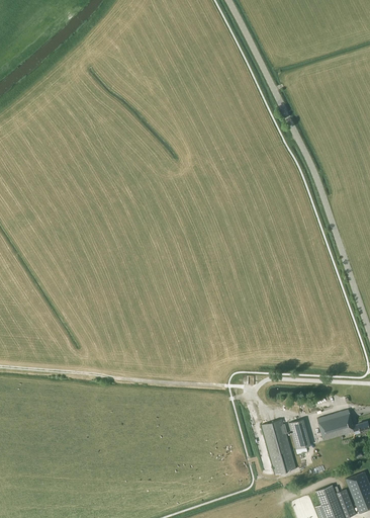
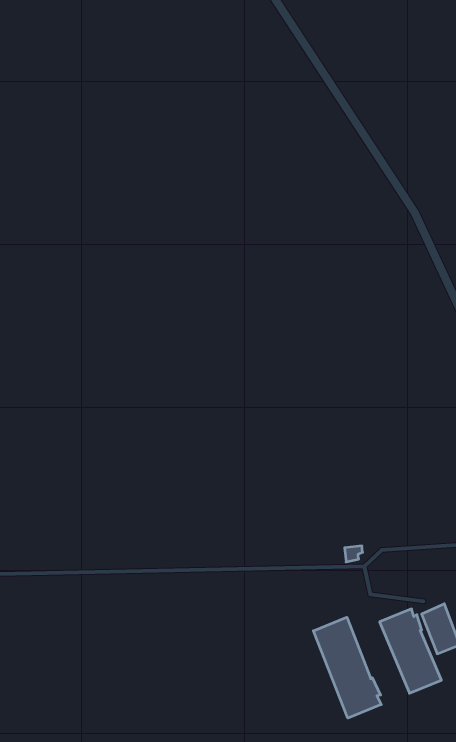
building: none -> [313,617,381,718]

